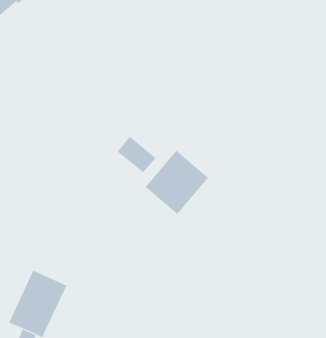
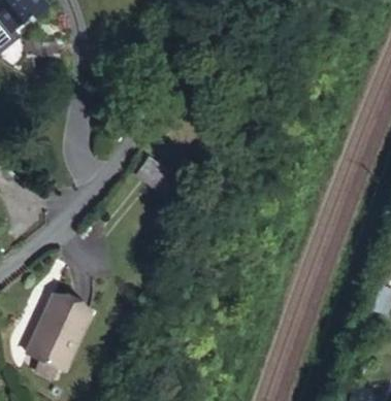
building: [145,150,209,215] -> none

